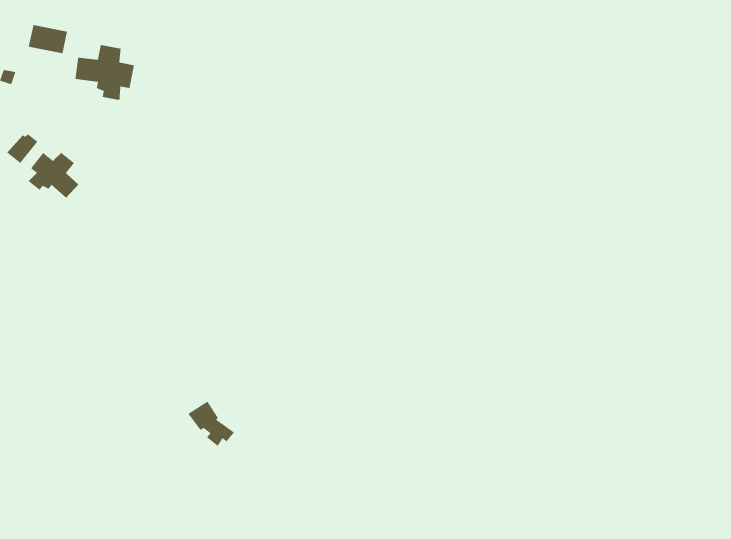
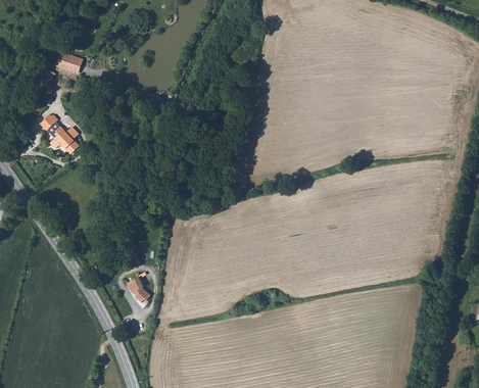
building: [75,44,135,101] -> none

